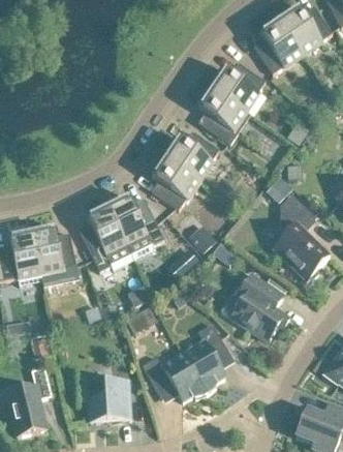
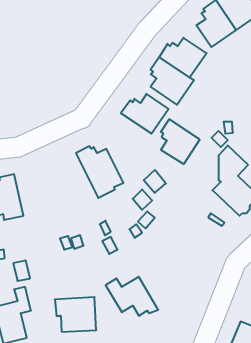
building: [151,154,198,209] -> [161,119,200,164]
building: [79,203,133,271] -> none
building: [31,224,80,290] -> none
building: [231,274,285,340] -> none
building: [183,324,231,394] -> none

